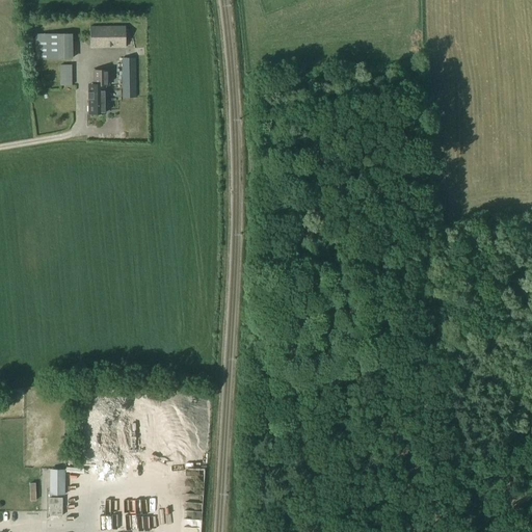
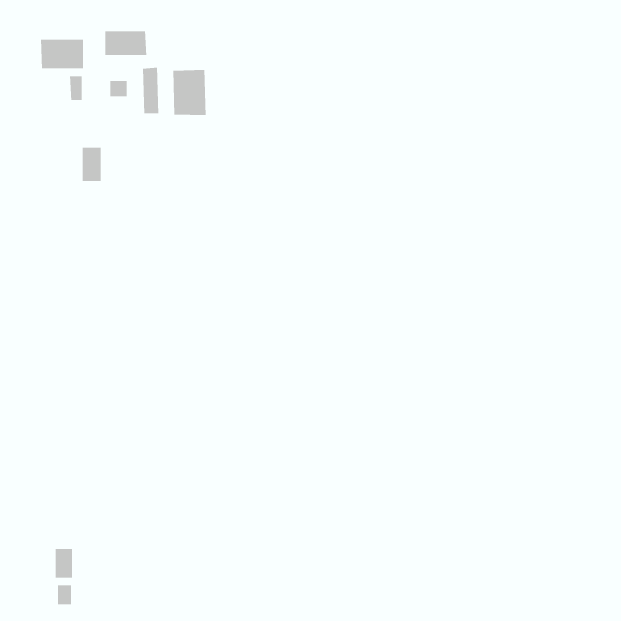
building: none -> [172,69,206,116]
building: [88,83,105,113] -> [82,147,101,182]

